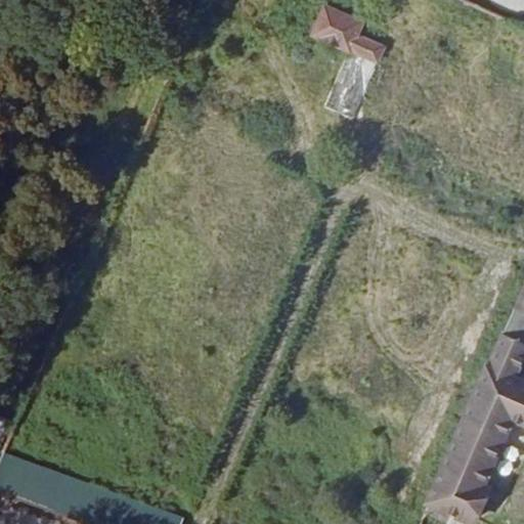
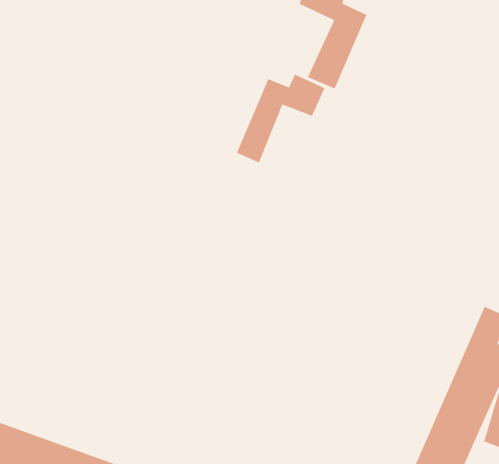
building: none -> [236,74,325,163]

